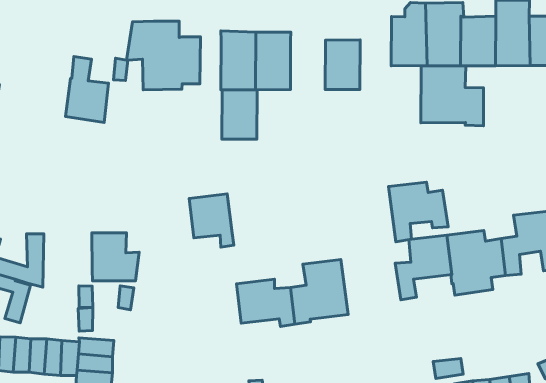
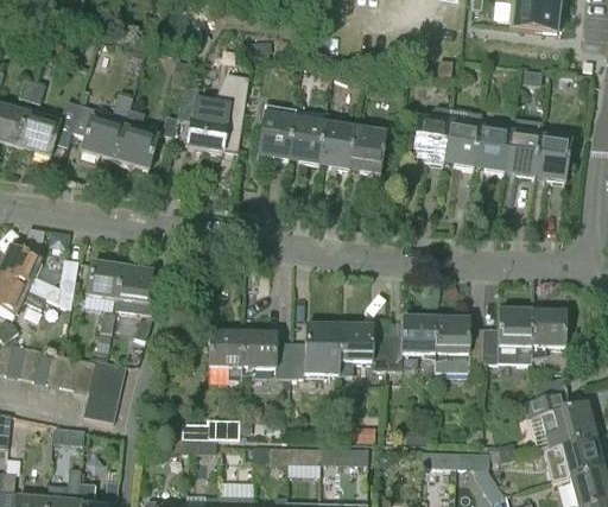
building: none -> [71,94,133,160]
building: [421,66,484,126] -> none
building: [222,90,257,139] -> [317,123,355,172]
building: [388,182,448,242] -> [337,325,386,375]
building: [189,194,234,247] -> [207,331,242,379]
building: none -> [86,262,121,300]

